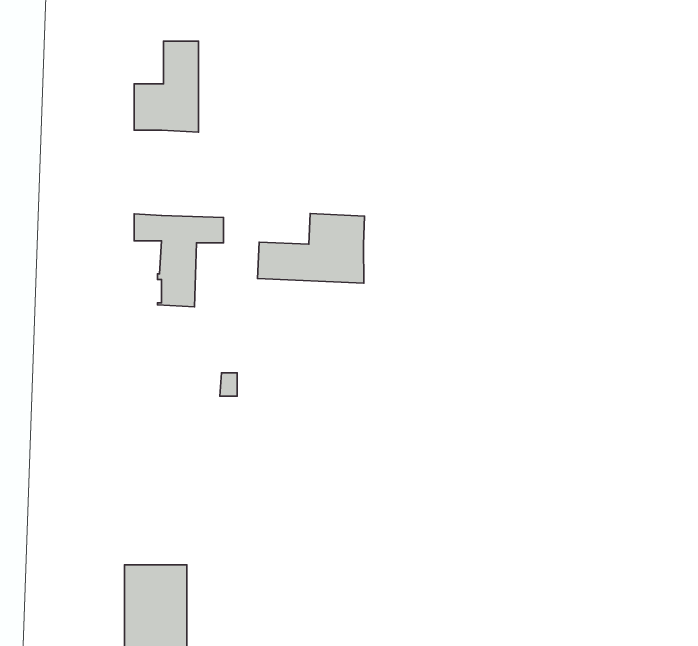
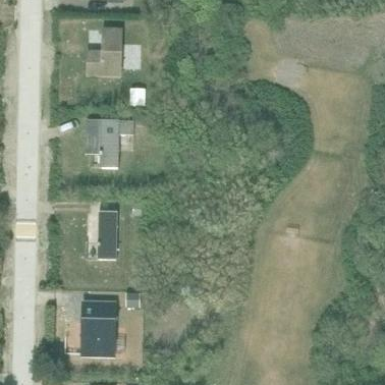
building: [258,214,365,283] -> none
building: none -> [97,212,116,260]

